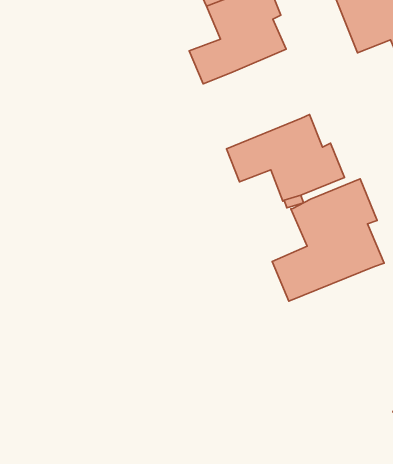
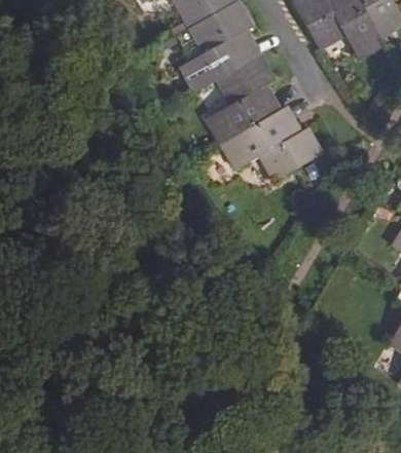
building: none -> [207,53,280,143]
building: [272,179,384,301] -> none

